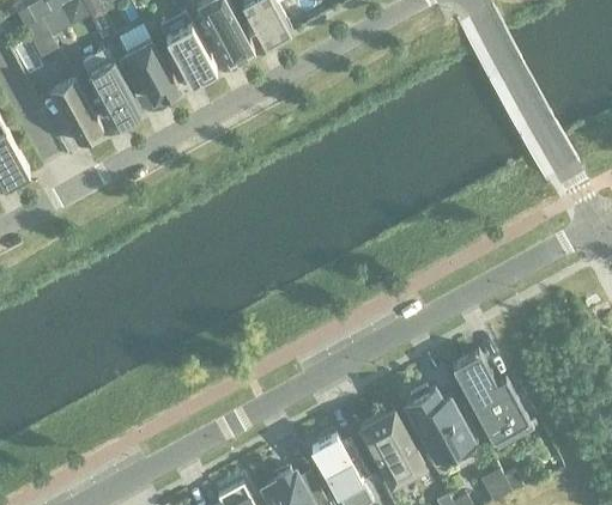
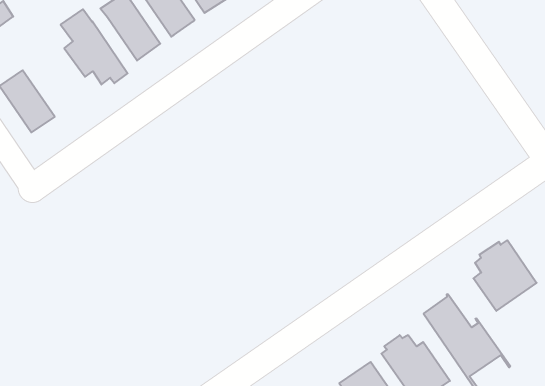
building: [80,50,139,124] -> none
building: none -> [473,240,537,311]

